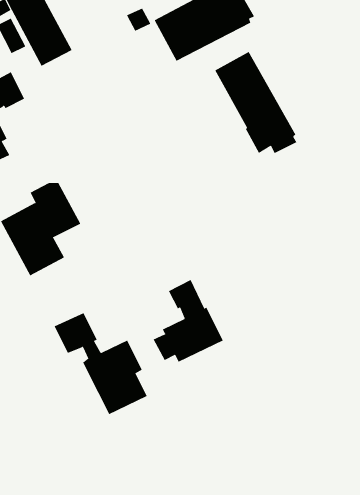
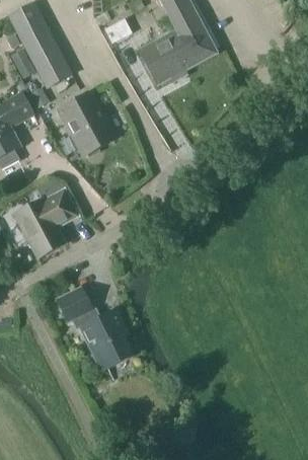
building: [214,51,297,154] -> none
building: none -> [58,92,115,156]
building: [153,279,224,363] -> none

